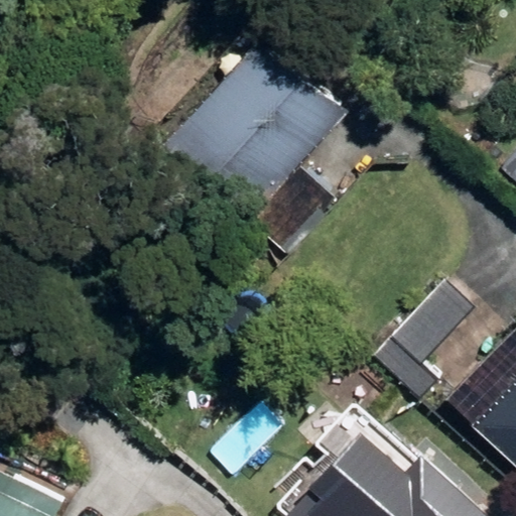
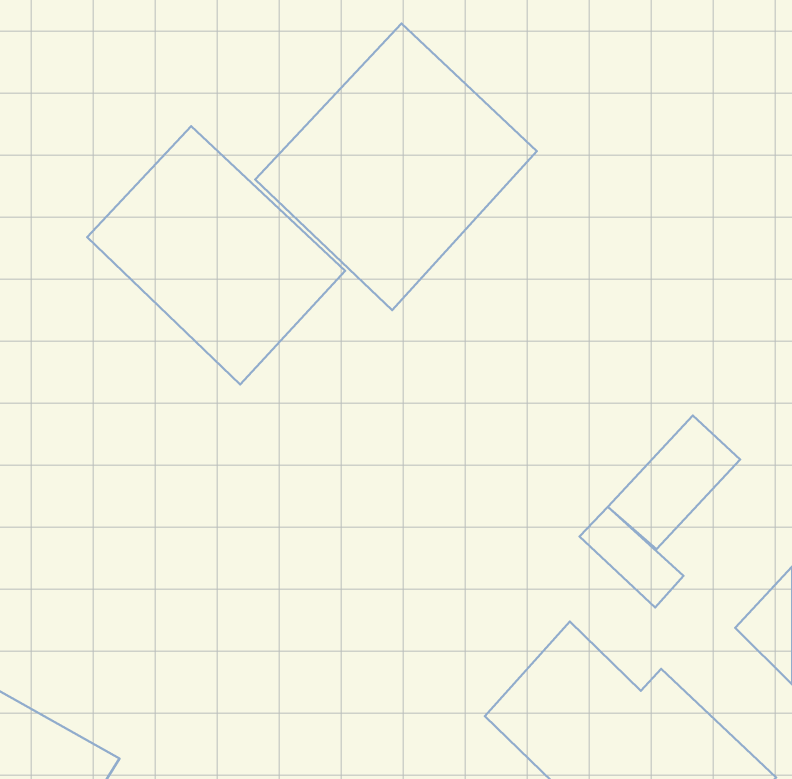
building: none -> [87,126,345,385]

